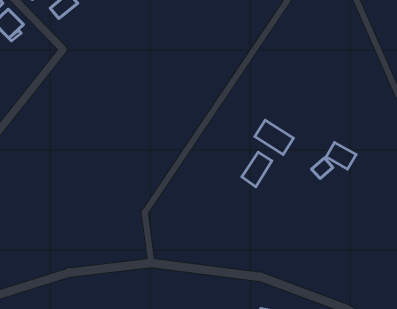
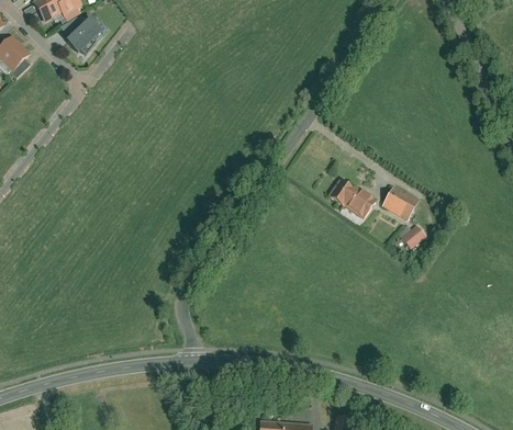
building: [326,142,356,169] -> [380,185,419,219]
building: [242,152,272,187] -> none

